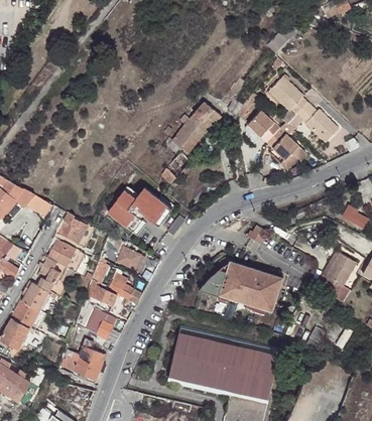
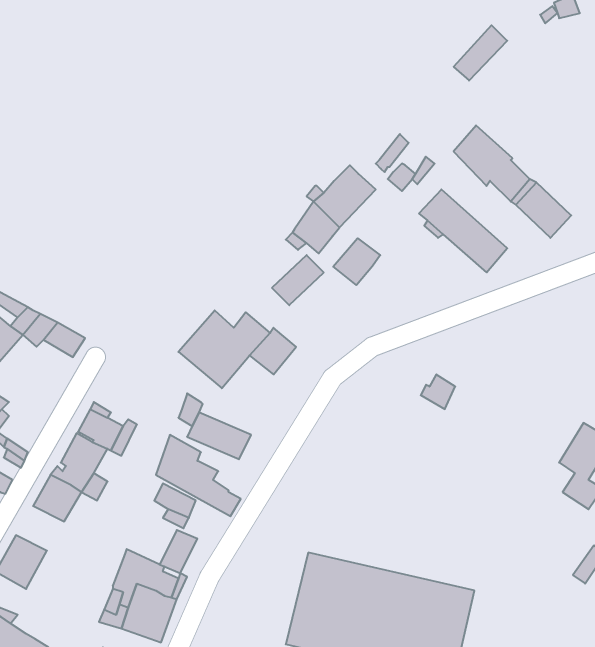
building: none -> [333,238,380,285]
building: [55,214,85,244] -> none
building: [202,260,283,310] -> none
building: [10,301,38,327] -> none

